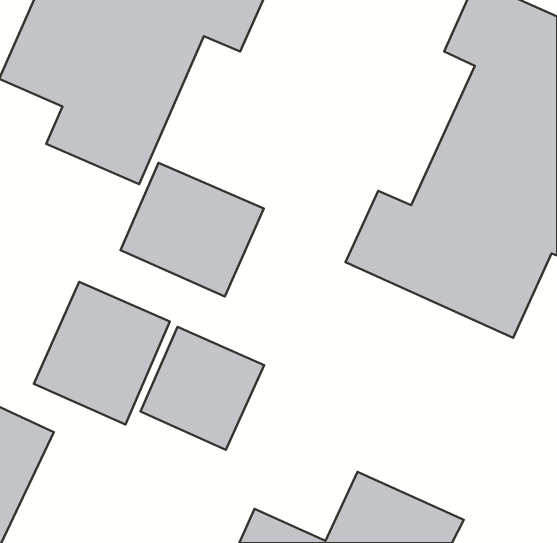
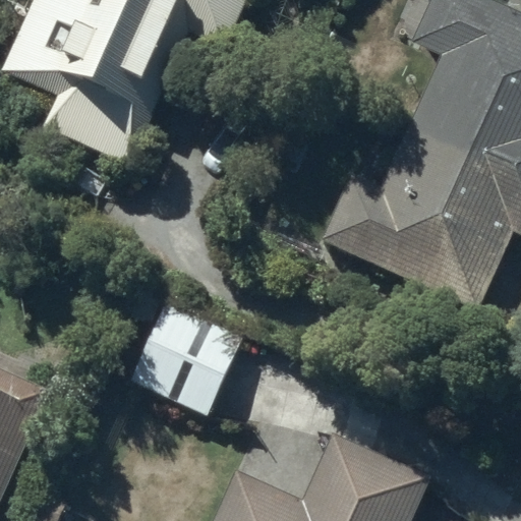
building: [120,163,264,296] -> none
building: [34,282,170,425] -> none

